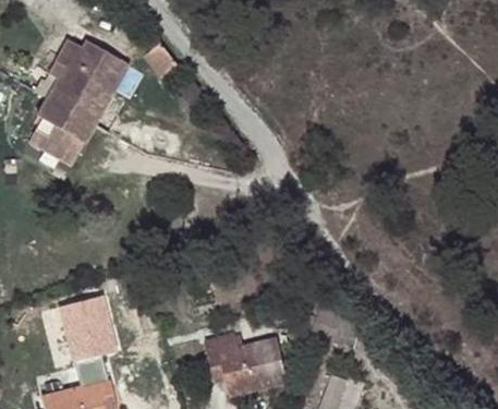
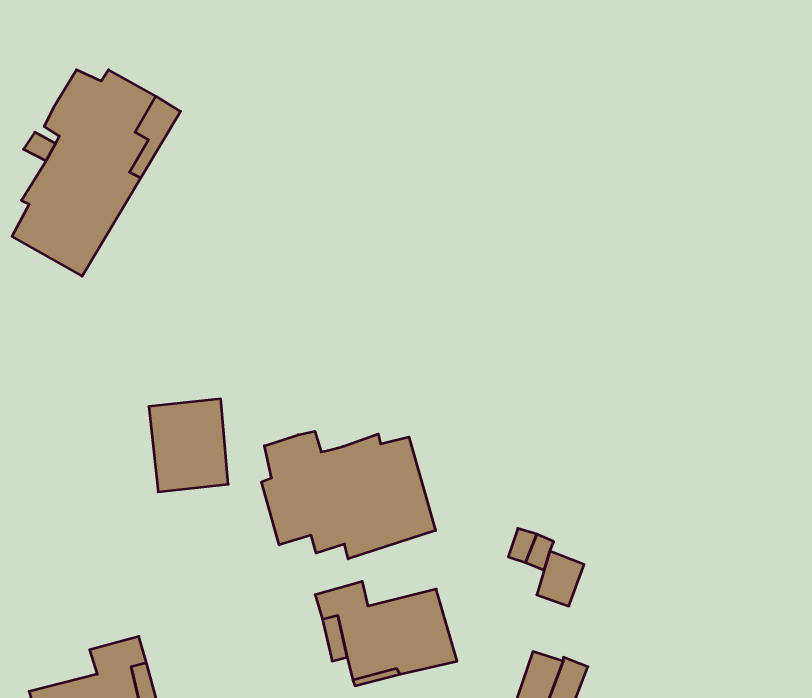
building: none -> [262,431,436,559]
building: [64,296,110,349] -> [149,399,228,492]

